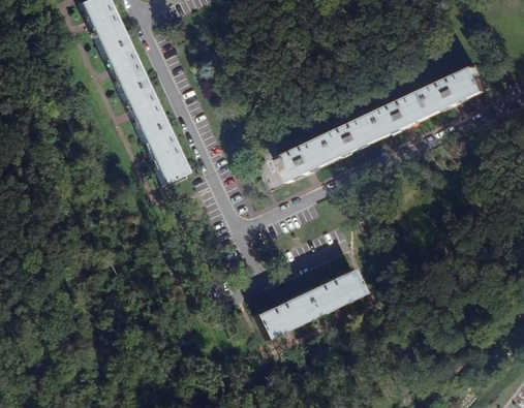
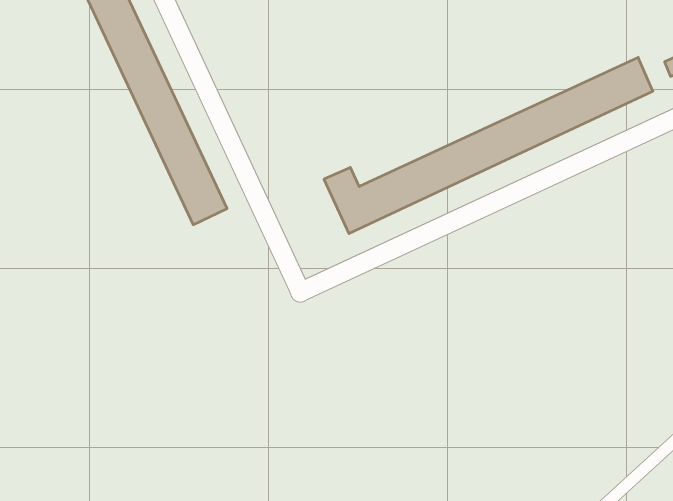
building: [256,266,366,337] -> none

